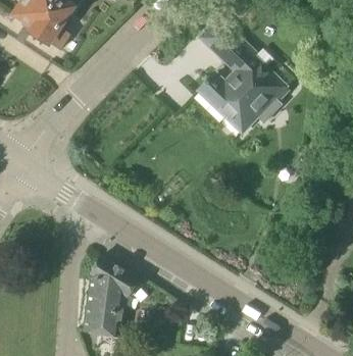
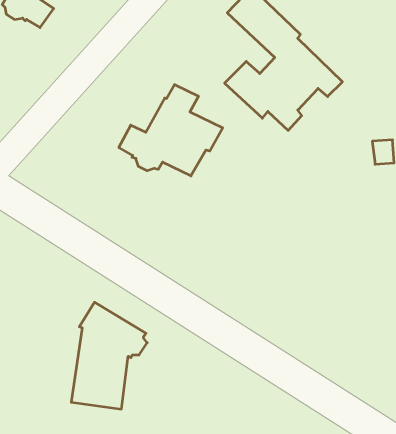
building: none -> [119,85,223,176]

